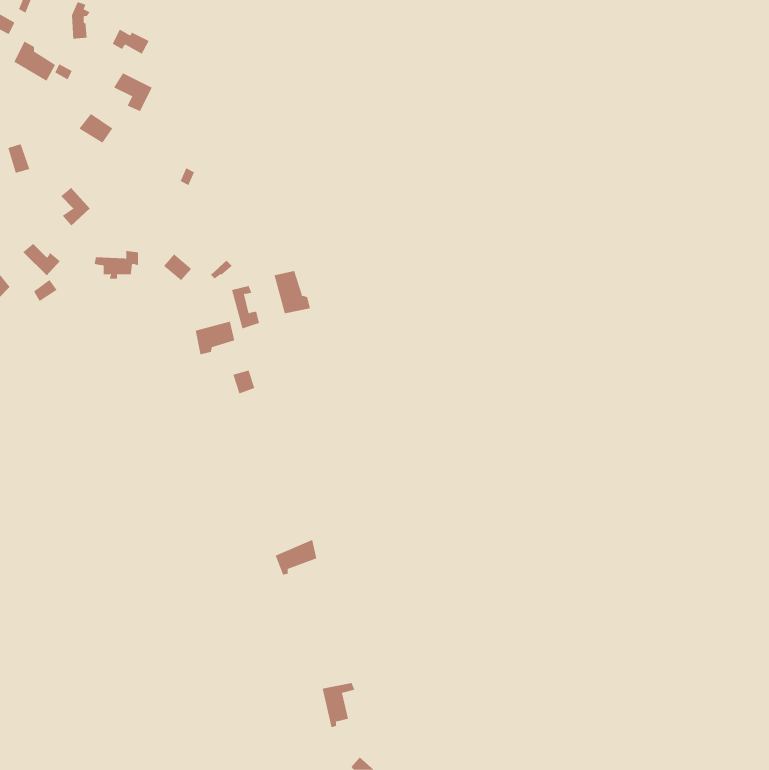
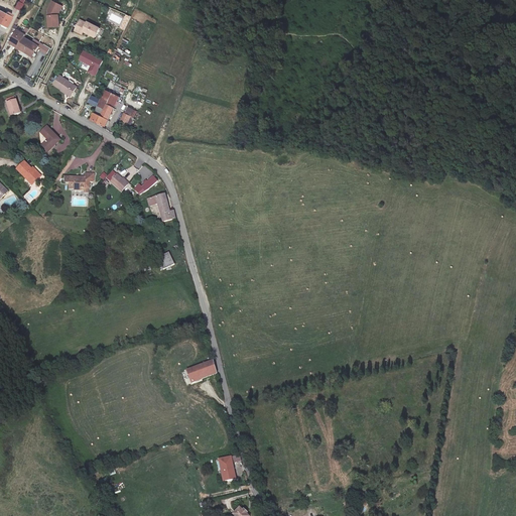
building: none -> [92,90,119,125]
building: [274,270,311,314] -> none
building: [195,321,235,355] -> none

